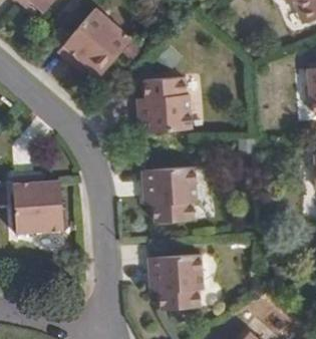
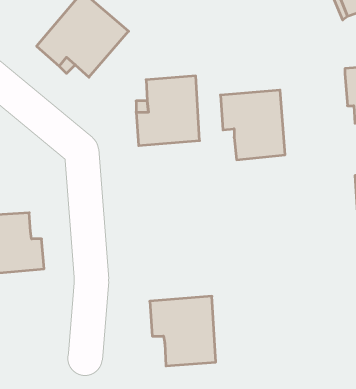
building: [143,165,196,222] -> [220,90,285,160]

